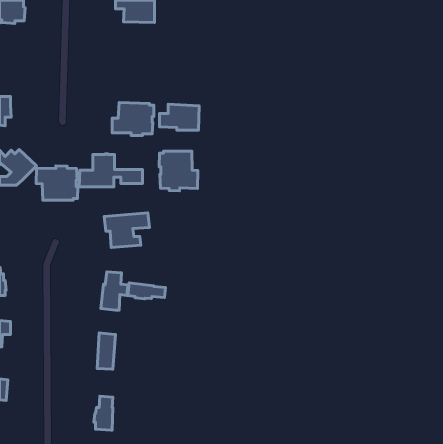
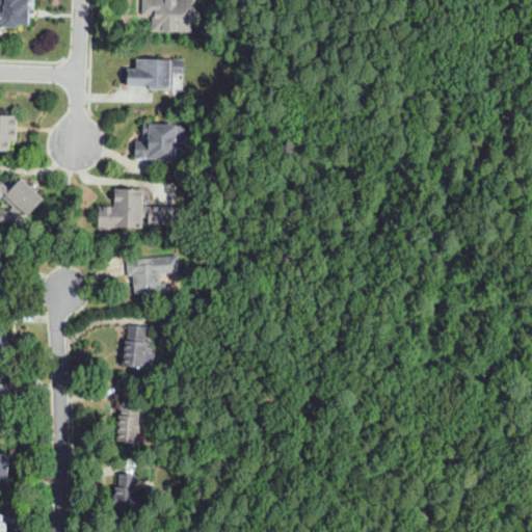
building: [159,104,199,130] -> [128,58,176,89]
building: [159,151,198,191] -> none
building: [36,166,78,200] -> none
building: [128,283,165,299] -> none

